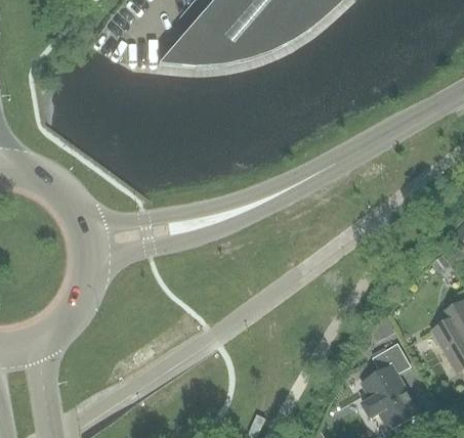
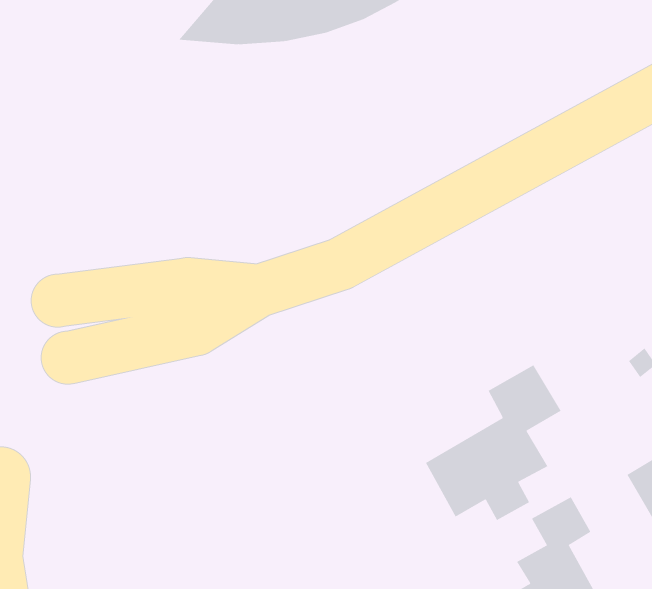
building: none -> [425,364,562,521]

